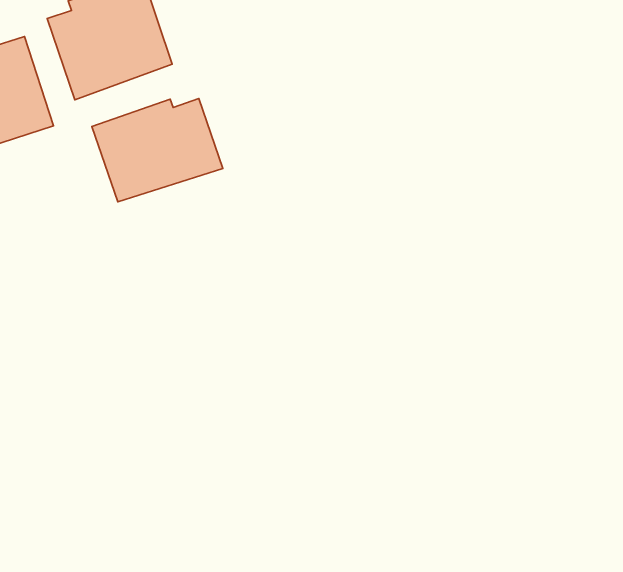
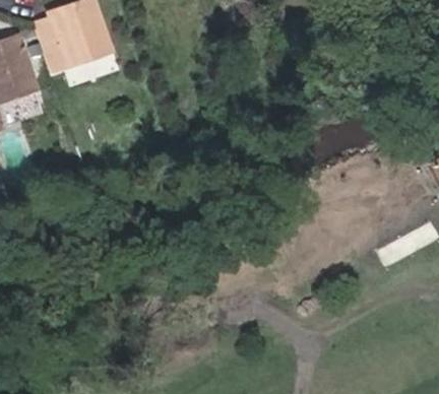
building: [92,99,223,202] -> none

